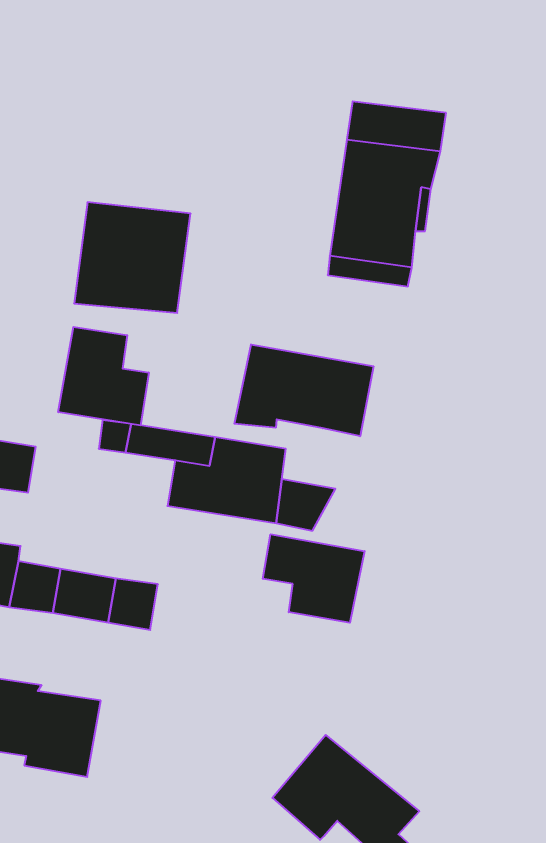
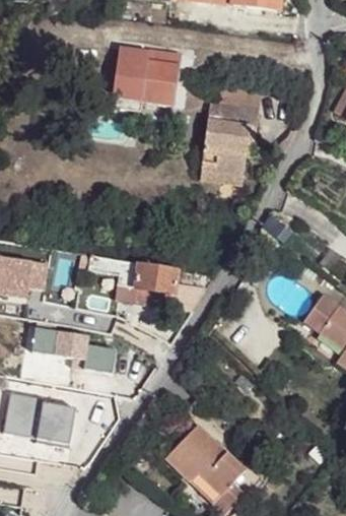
building: [74,202,191,313] -> [116,47,178,106]
building: [58,327,149,425] -> none
building: [234,344,373,436] -> none
building: [263,534,365,623] -> none

